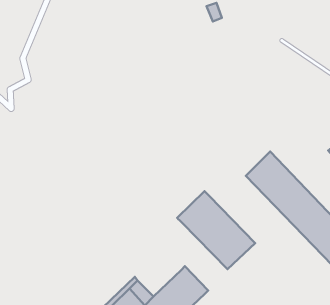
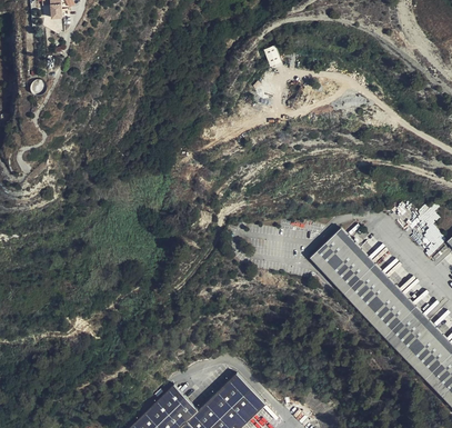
building: [177,191,255,269] -> none

